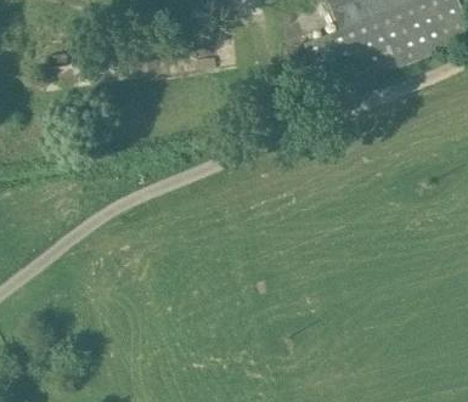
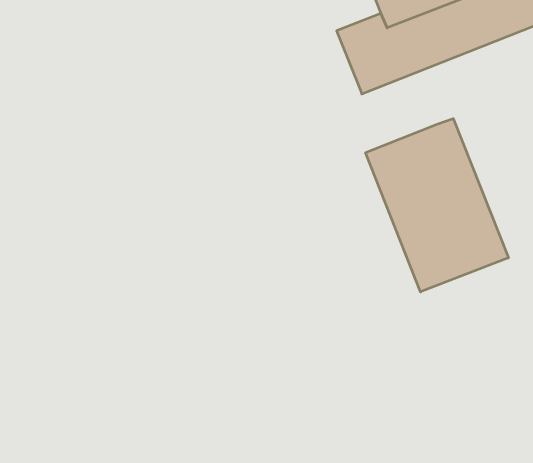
building: none -> [366,119,508,292]

